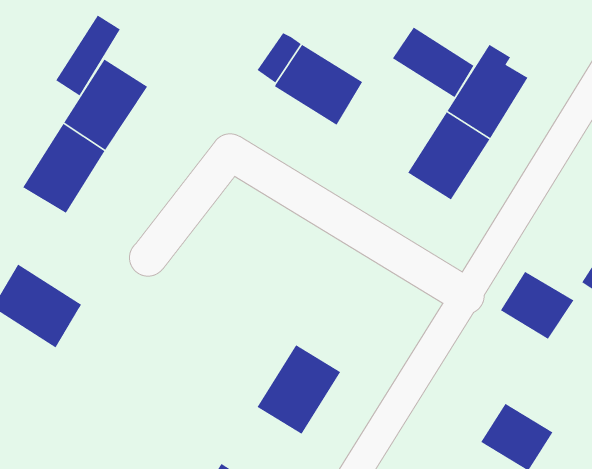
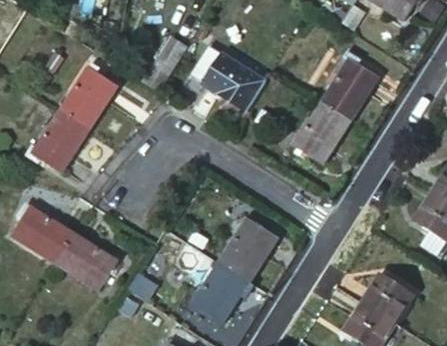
building: [55,15,121,97] -> [143,35,188,91]
building: [392,27,475,98] -> none
building: [500,271,574,340] -> [362,273,413,320]
building: none -> [219,218,278,279]
building: none -> [55,233,117,289]

